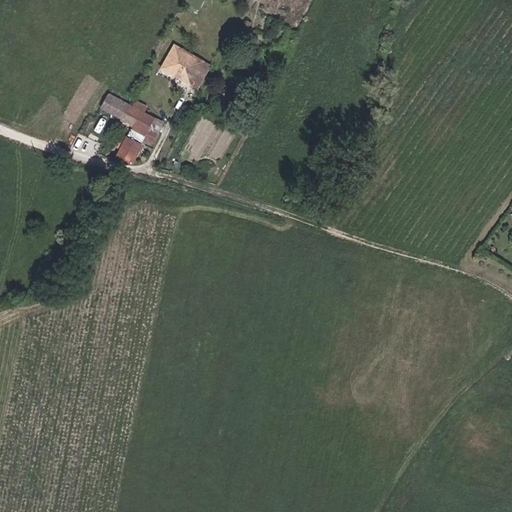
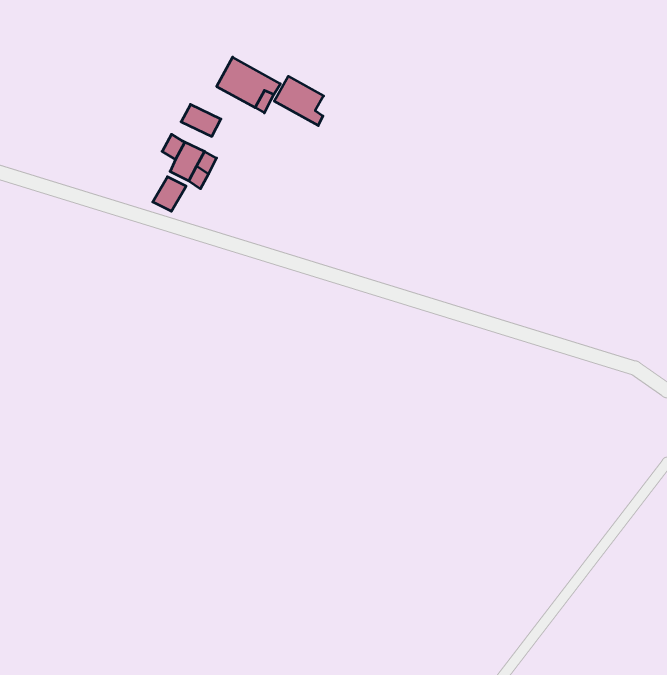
building: none -> [274,76,324,126]
building: [99,93,129,117] -> [181,104,221,136]

